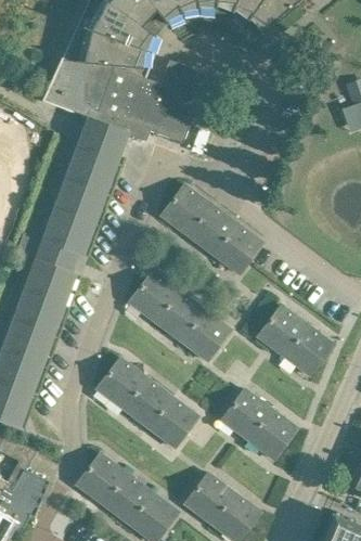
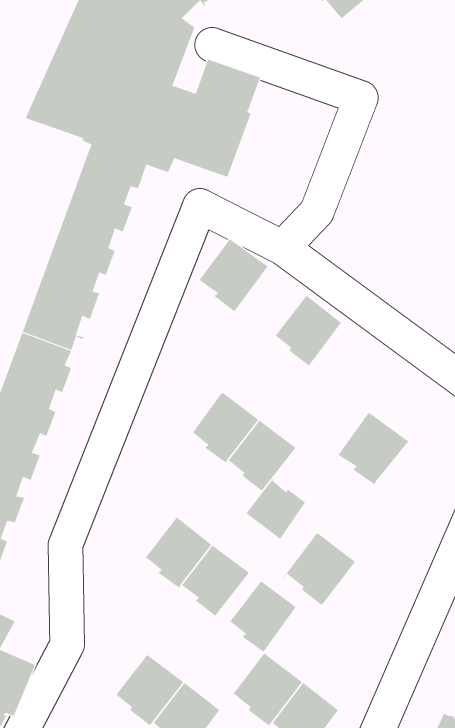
building: [190,205,237,256] -> none
building: [129,272,179,323] -> none
building: [286,326,334,376] -> none
building: none -> [246,477,306,540]
building: [96,358,147,409] -> none
building: [250,410,297,460] -> [230,581,297,652]
building: [77,453,127,504] -> none

